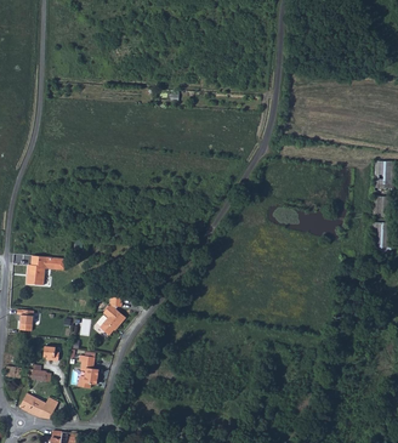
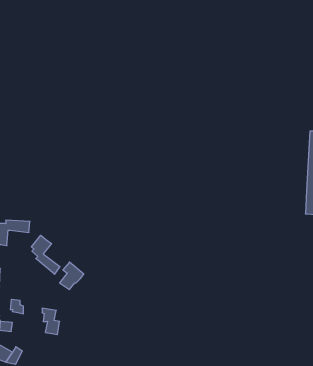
building: none -> [31,235,60,274]

